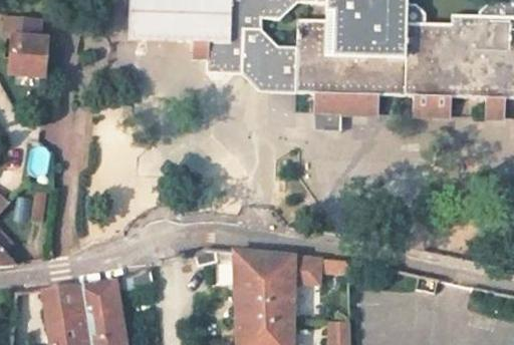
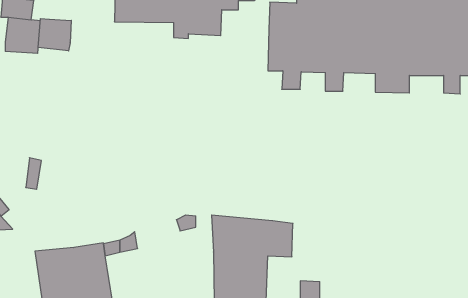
building: [208,27,296,93] -> none
building: none -> [38,19,71,51]
building: [309,94,357,132] -> none

